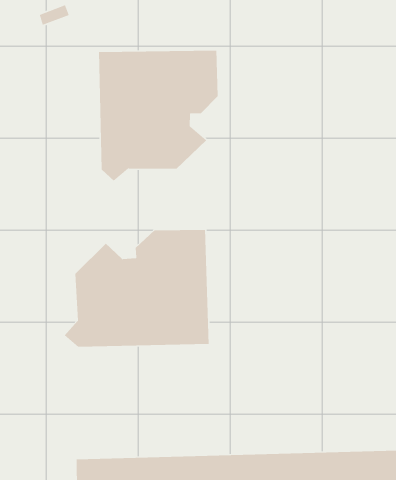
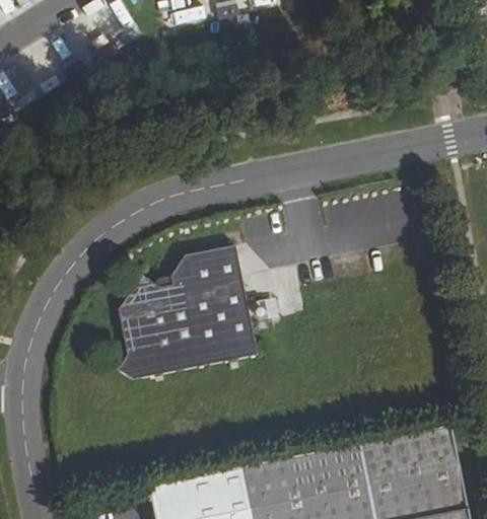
building: [98,50,219,182] -> none

